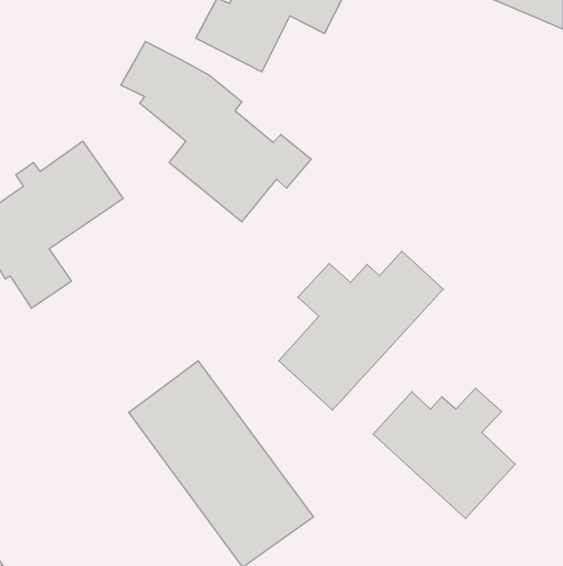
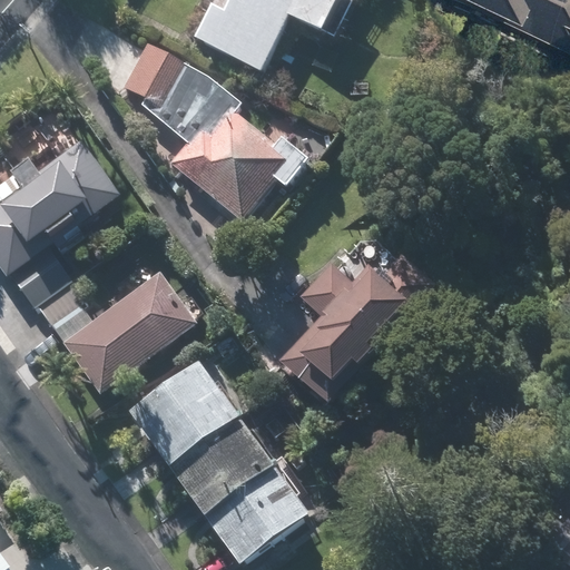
building: none -> [59,269,195,393]
building: [373,388,515,519] -> none

